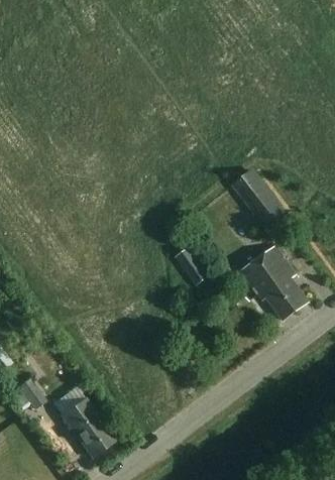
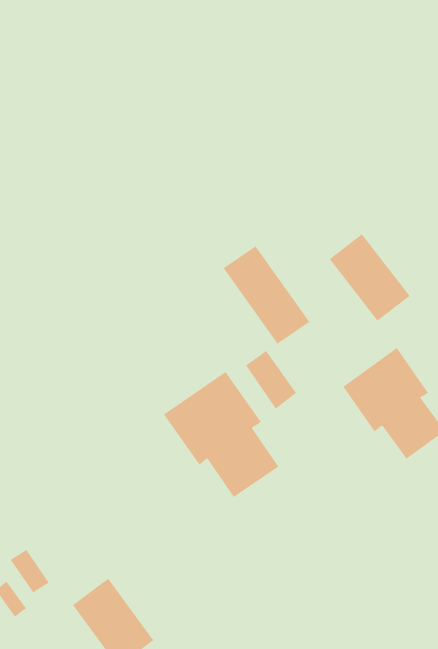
building: none -> [223,246,310,345]
building: none -> [163,371,279,498]

